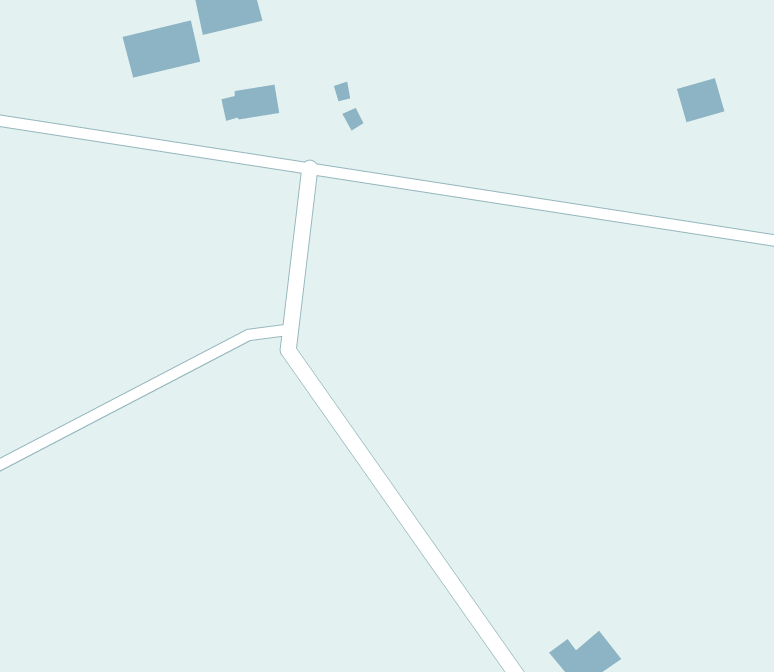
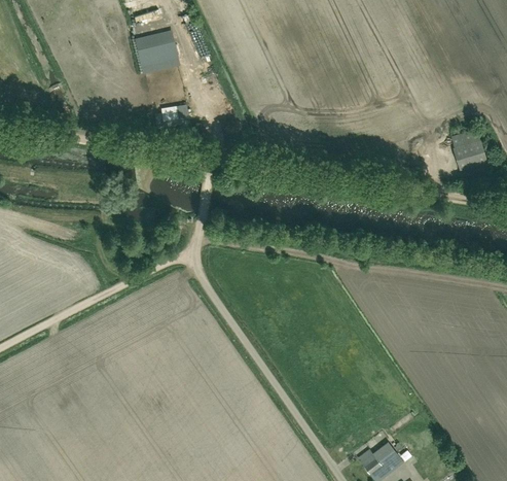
building: [121,20,201,78] -> none
building: [676,77,726,123] -> [452,139,483,168]

